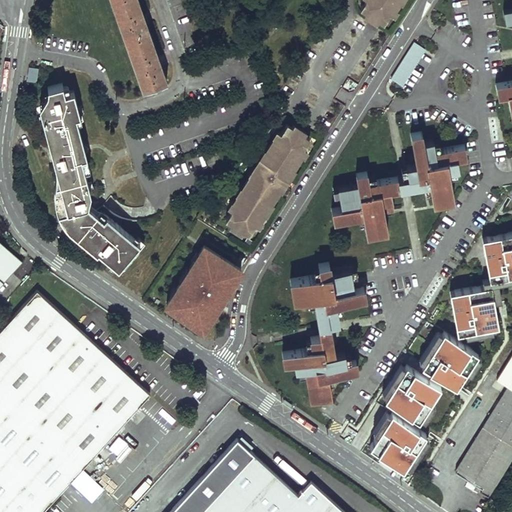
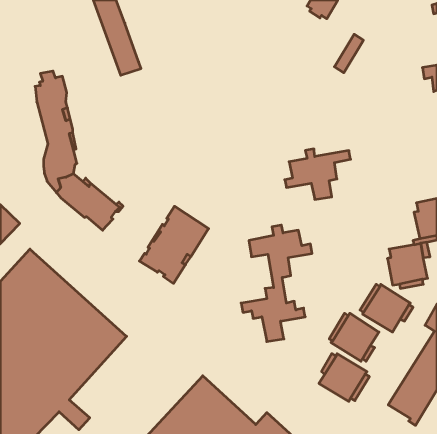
building: [224,128,308,238] -> none
building: [406,137,467,206] -> none

